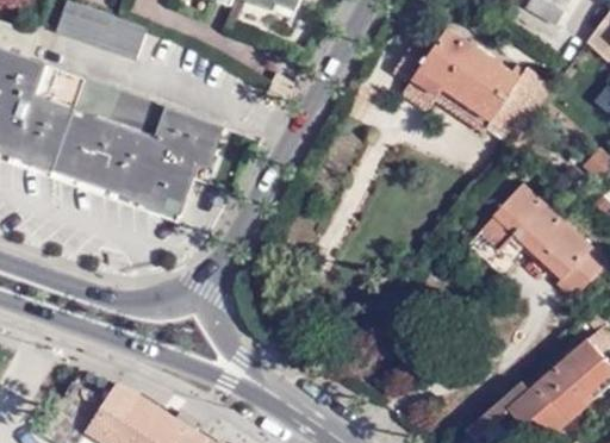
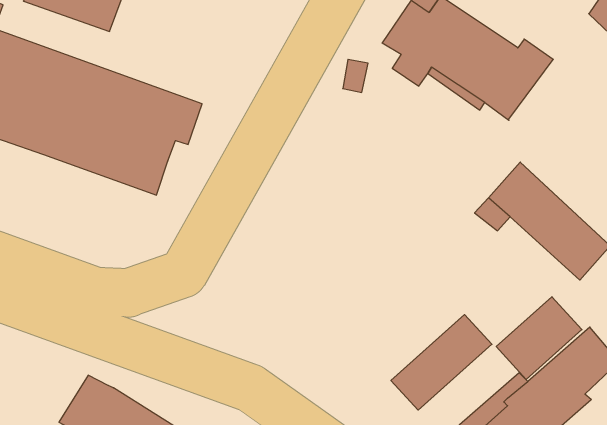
building: none -> [496,297,582,379]
building: none -> [391,315,492,410]

